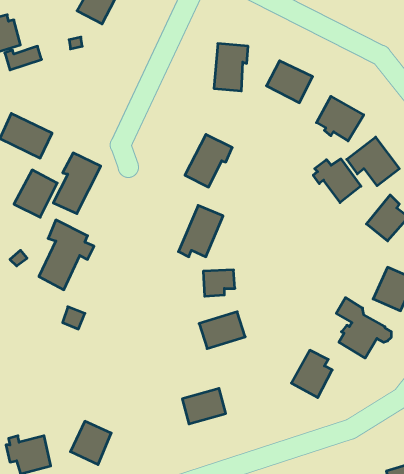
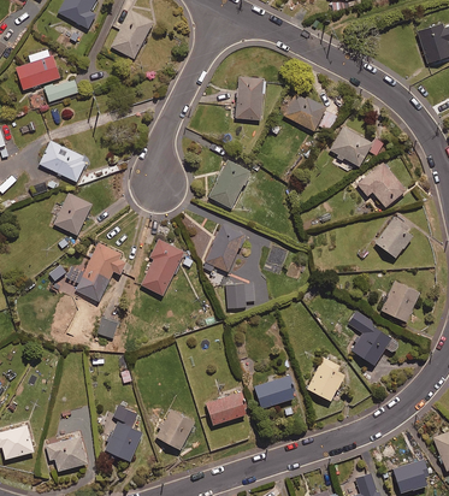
building: [53,153,101,214] -> [140,240,183,295]
building: [313,159,361,203] -> none
building: [199,312,245,349] -> [253,376,295,409]
building: none -> [155,409,194,450]

